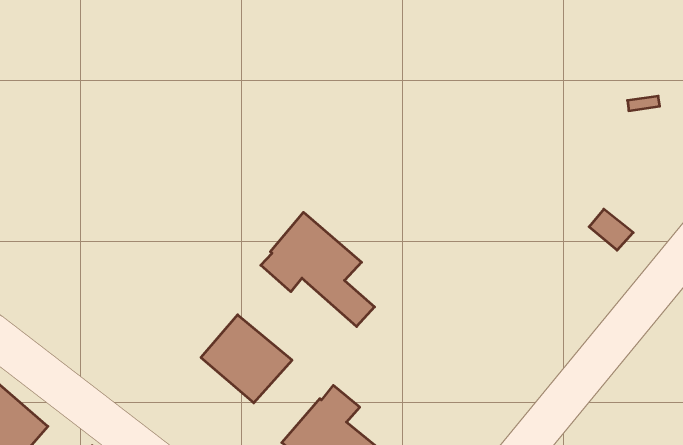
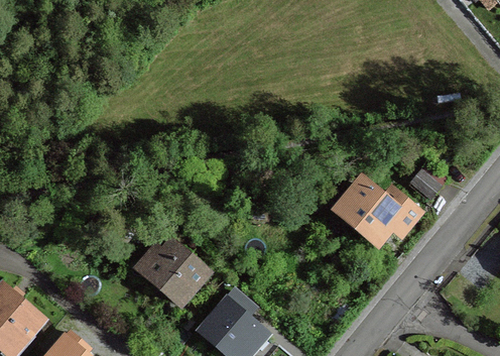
building: [261,212,375,327] -> none
building: none -> [333,180,418,238]

